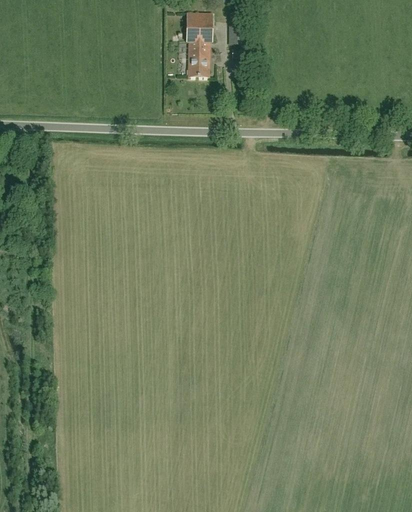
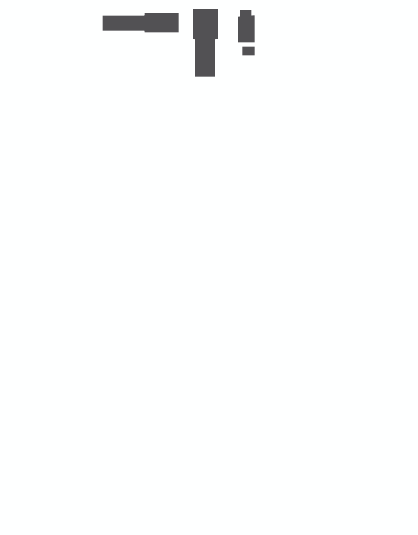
building: none -> [102,12,179,33]

